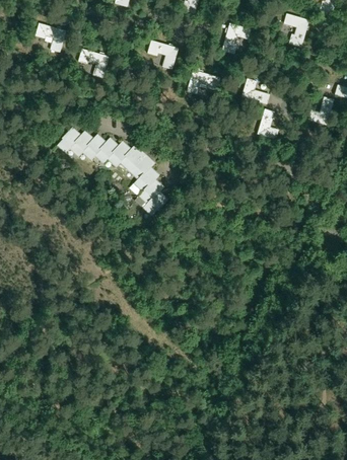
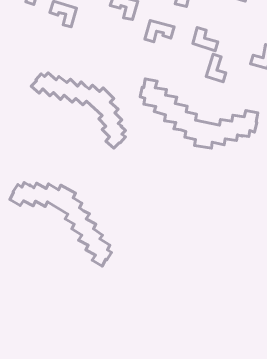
building: none -> [140,79,258,148]
building: none -> [10,183,111,266]

